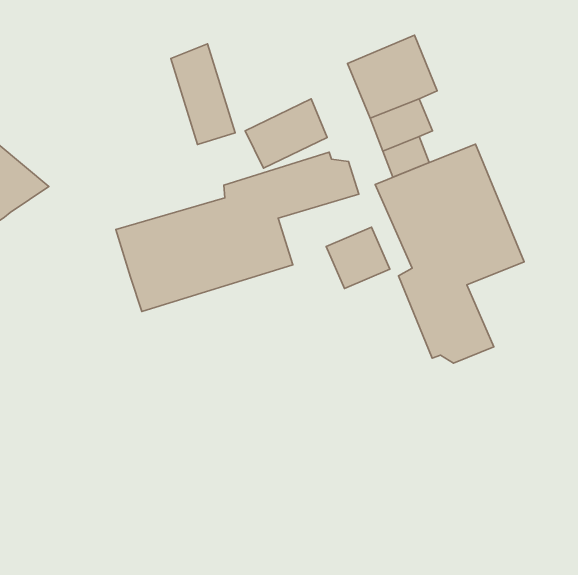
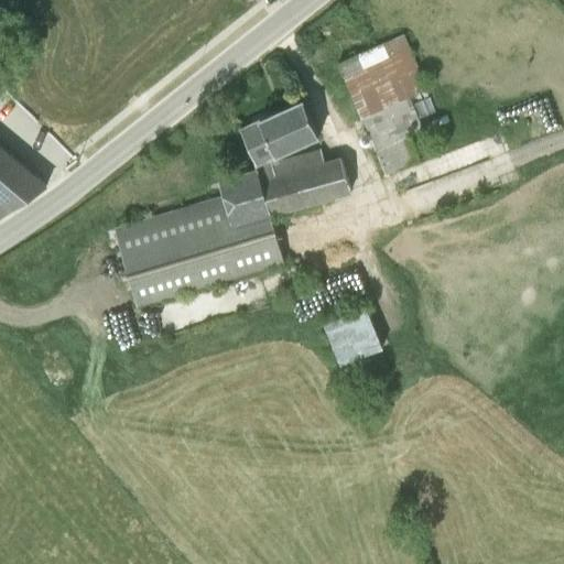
building: [171,44,235,144] -> none
building: [375,144,524,363] -> none
building: [326,227,390,288] -> [326,304,388,364]

